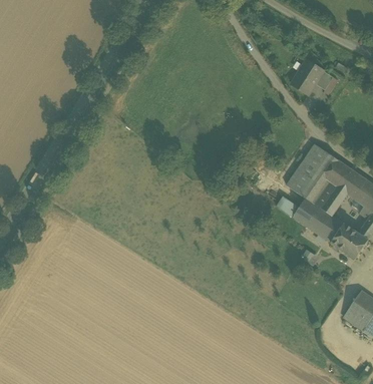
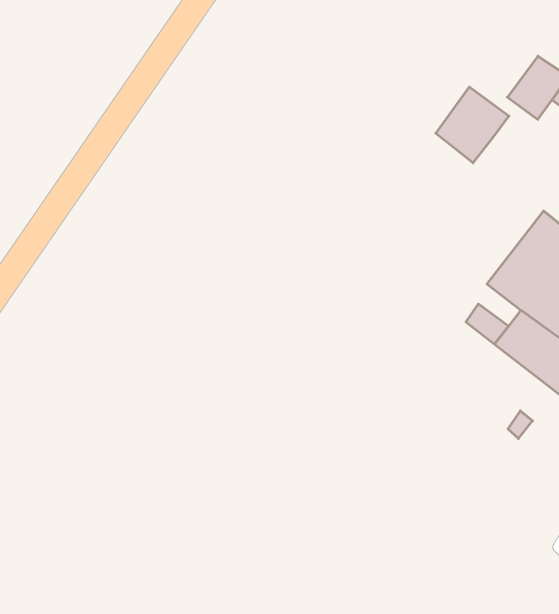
building: none -> [436,87,509,163]

